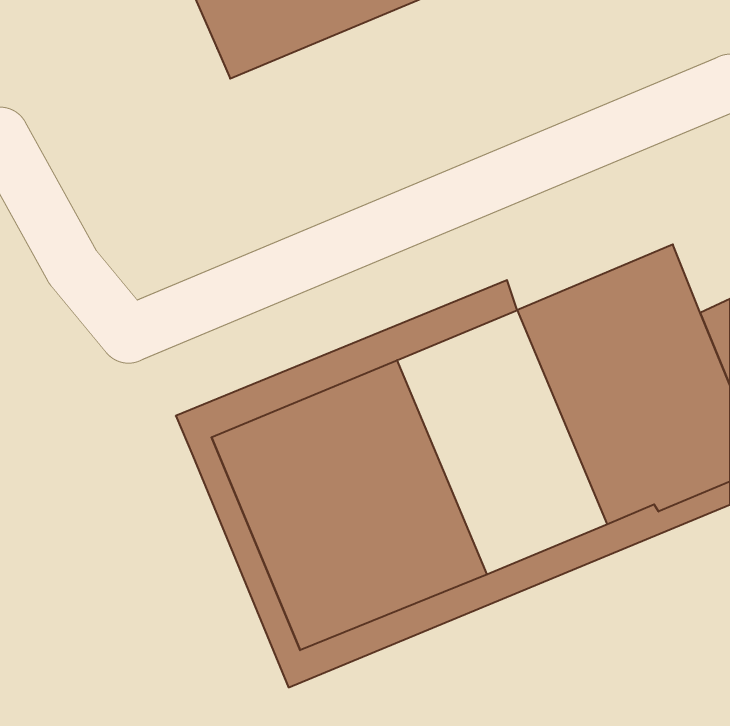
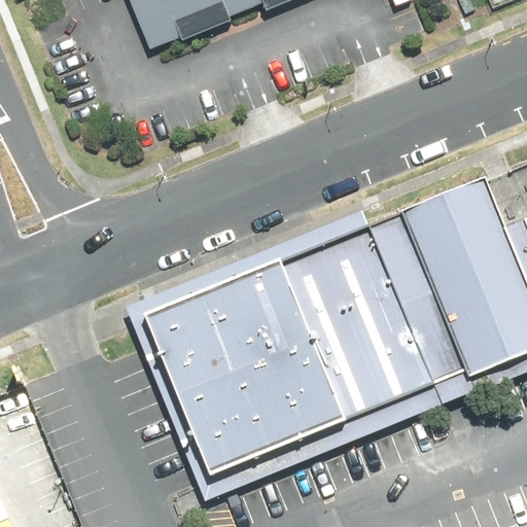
building: none -> [286,223,437,414]

